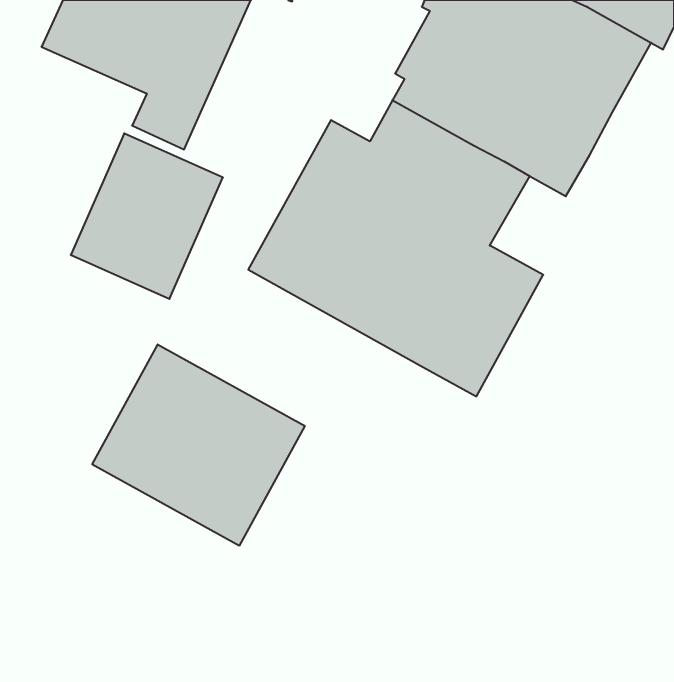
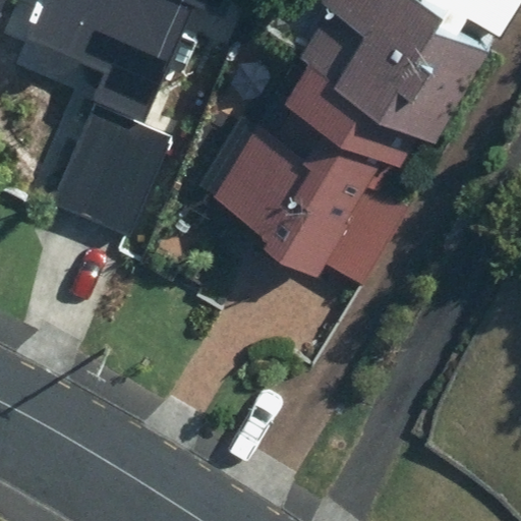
building: [92,344,305,546] -> none

